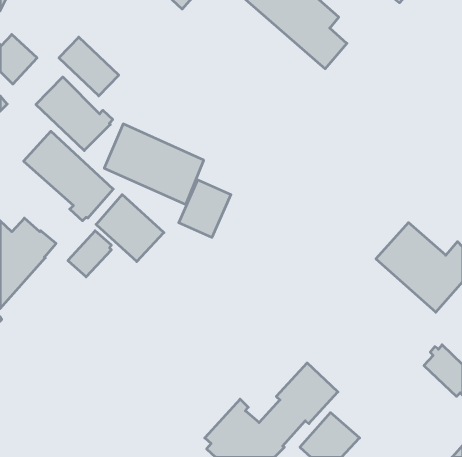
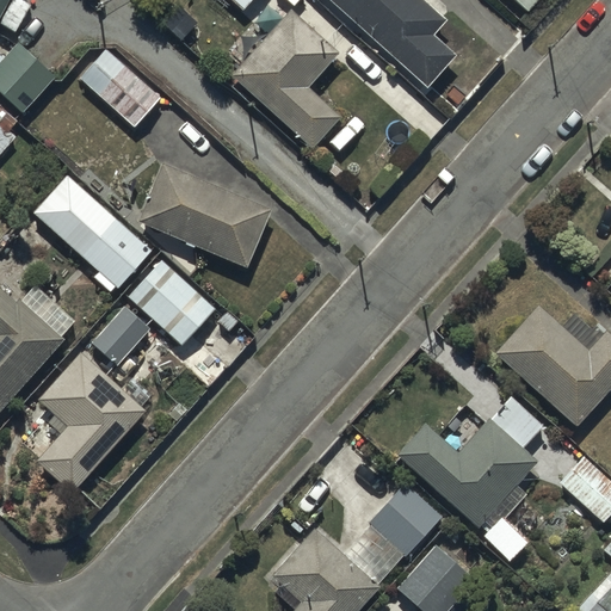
building: none -> [230,10,341,152]
building: [36,77,113,151] -> none
building: [179,180,231,237] -> none
building: none -> [36,346,143,493]
building: none -> [397,396,542,562]

